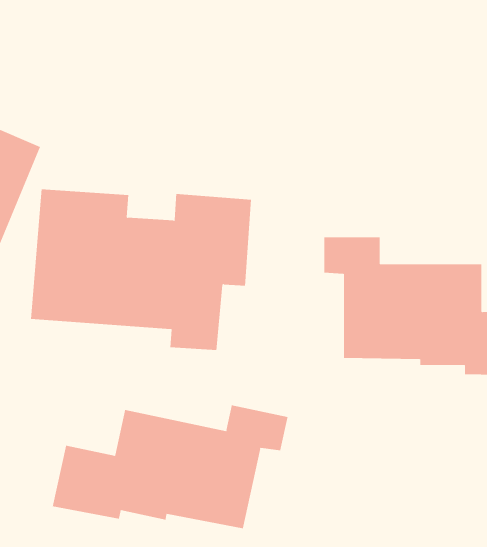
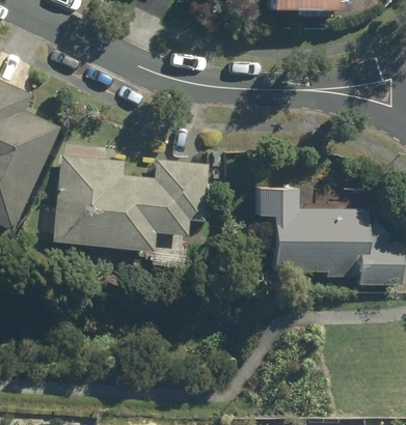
building: [52,405,288,529] -> none

